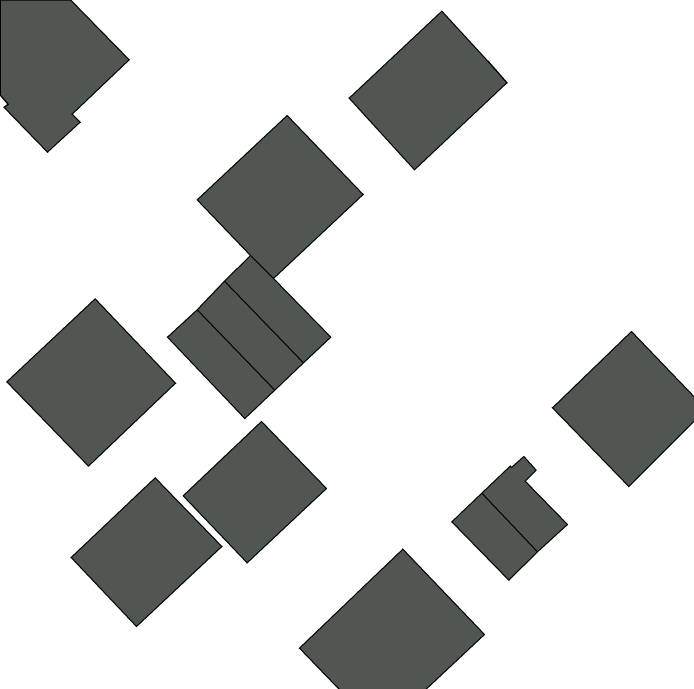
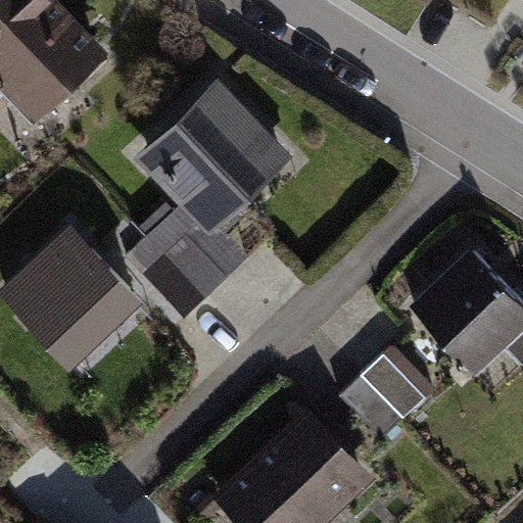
building: [349,11,507,170] -> none
building: [183,422,326,563] -> none
building: [71,478,222,626] -> none

